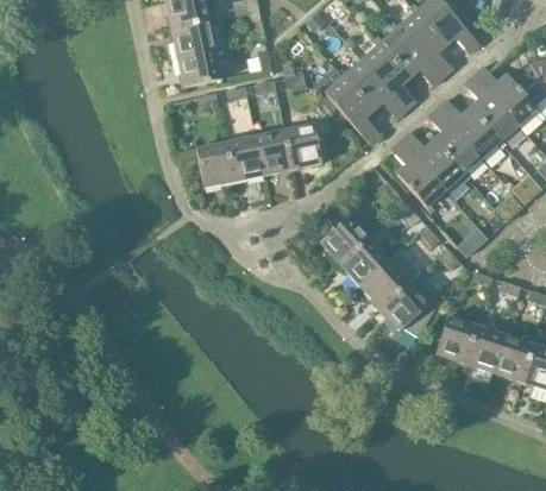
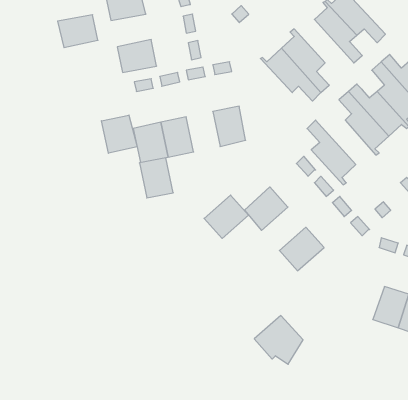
building: [171,20,216,57] -> [58,15,98,48]
building: [377,26,444,84] -> none
building: [310,67,379,141] -> none
building: [256,130,294,175] -> [139,158,173,198]
building: [401,131,469,189] -> none
building: none -> [101,115,137,153]
building: [340,237,390,285] -> [204,195,249,238]
building: [381,282,435,336] -> [254,316,303,364]
building: [435,316,478,363] -> none

